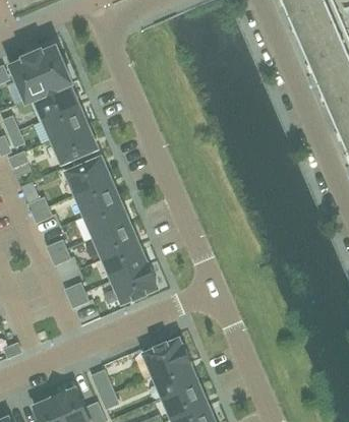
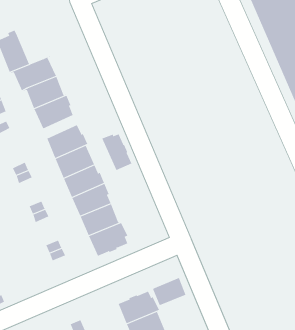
building: [32,47,70,92] -> none
building: none -> [102,133,132,171]
building: none -> [150,277,186,306]

